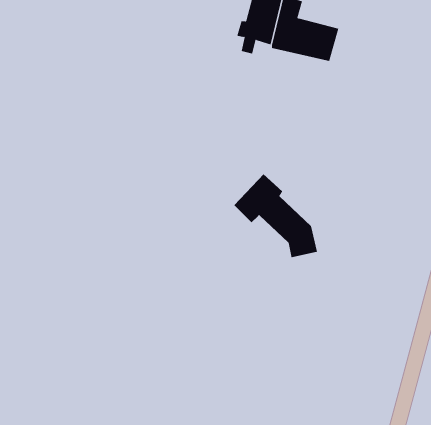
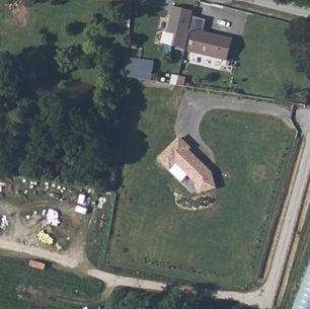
building: none -> [127,57,155,80]

